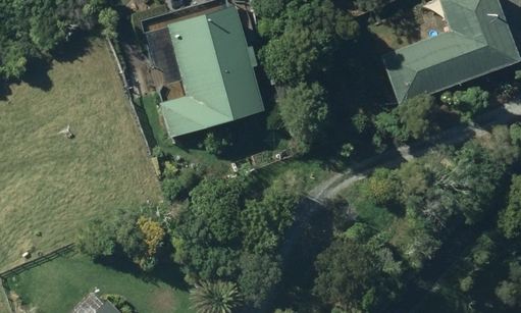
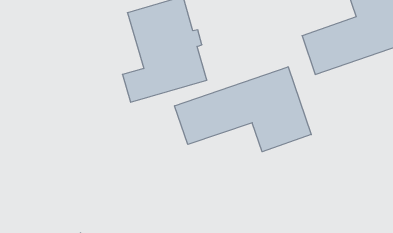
building: none -> [175,67,311,152]

